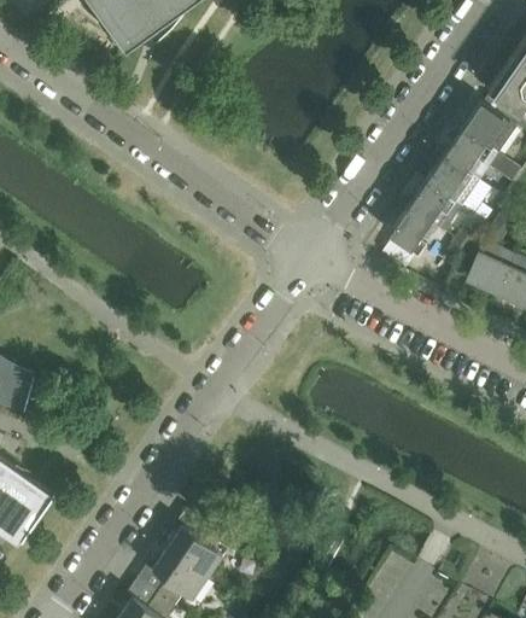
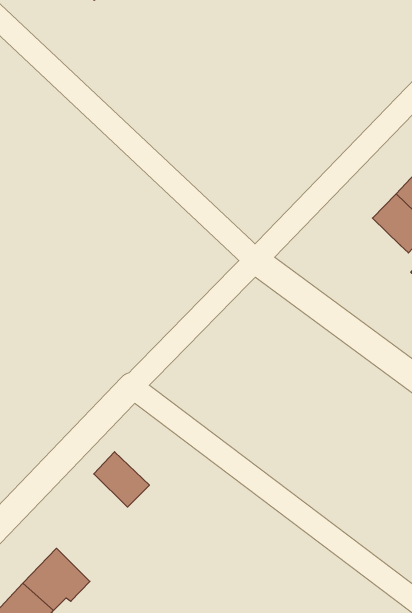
building: [388,208,436,255] -> none
building: [166,527,218,576] -> [94,452,149,507]

